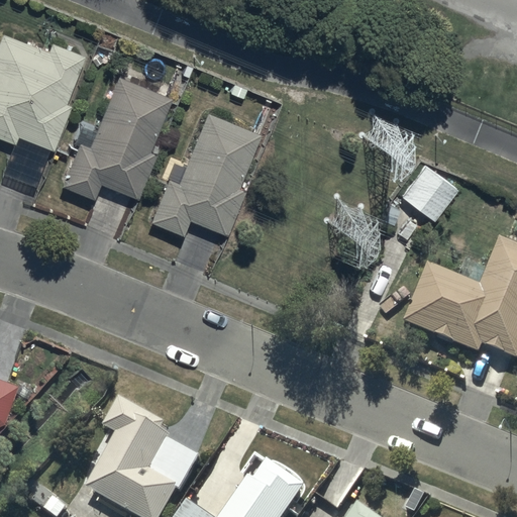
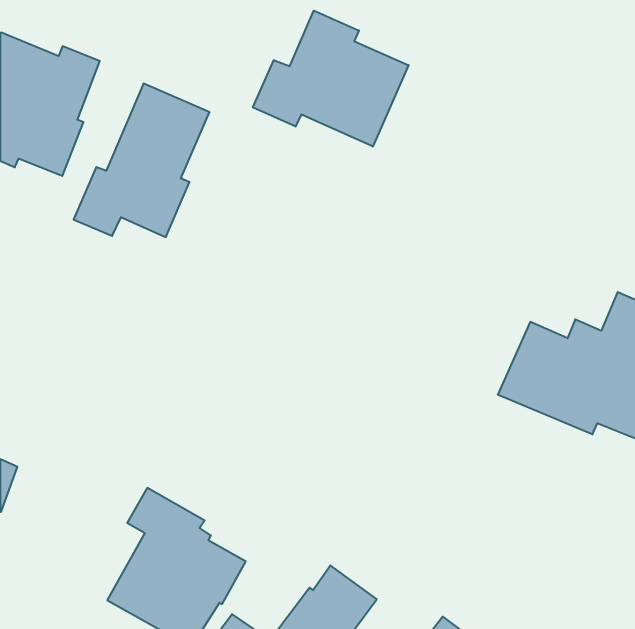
building: none -> [253,11,409,147]
building: [149,112,262,236] -> none
building: [401,165,457,221] -> none

